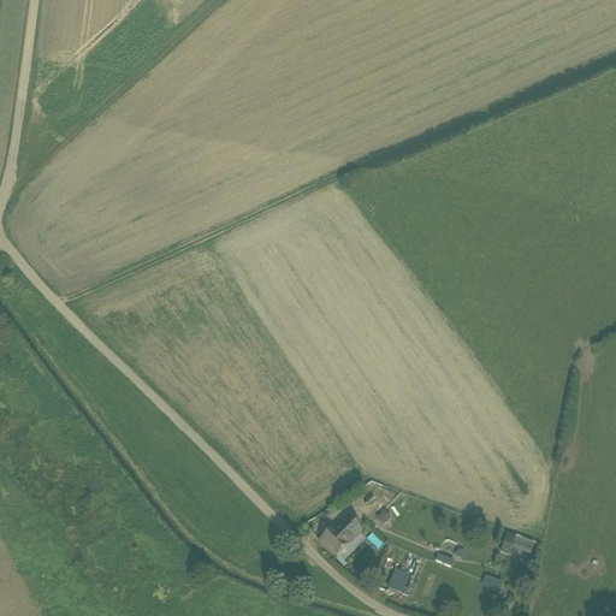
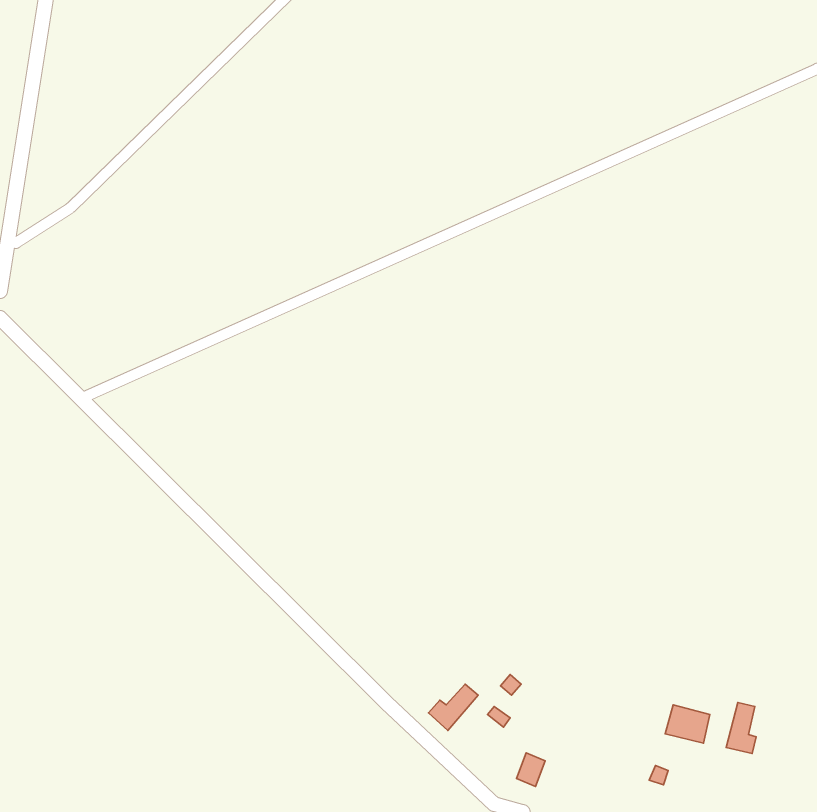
building: none -> [726,702,756,754]

